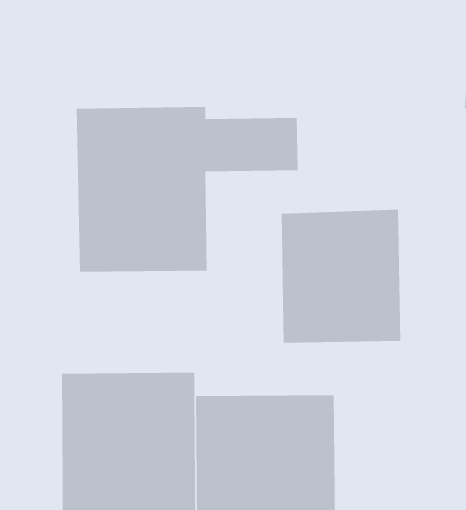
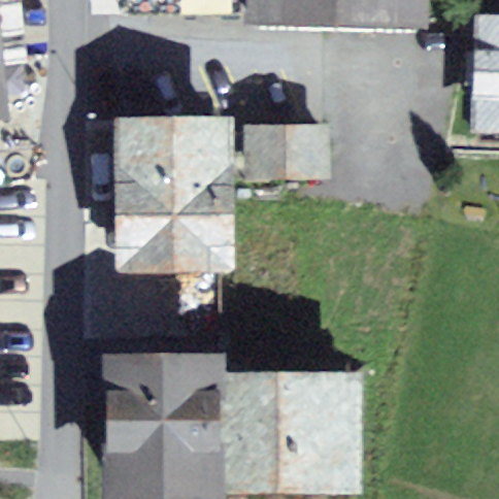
building: [281,209,401,343] -> none

